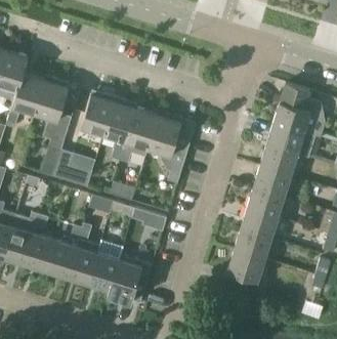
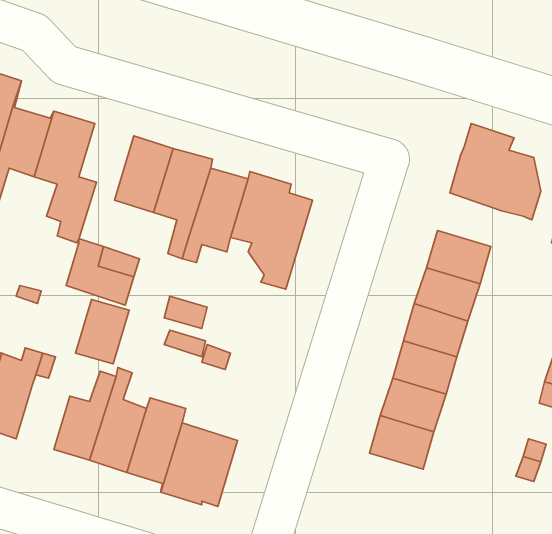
building: [266,123,315,158] -> none
building: [25,234,55,270] -> [76,300,129,364]

